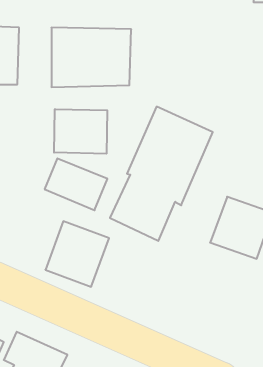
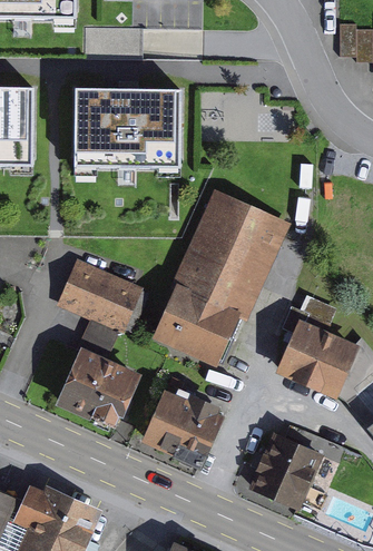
building: [54,109,107,154] -> none
building: none -> [149,372,234,455]
building: none -> [248,435,318,511]

